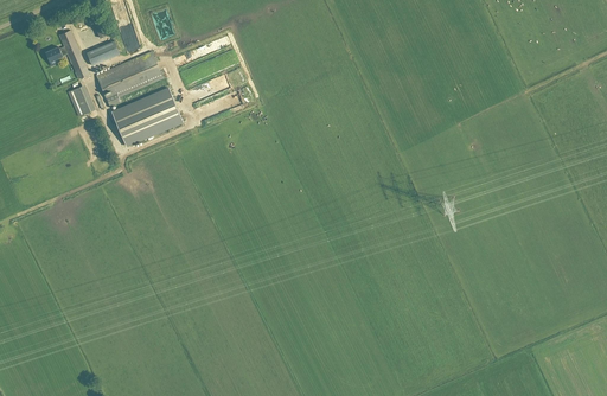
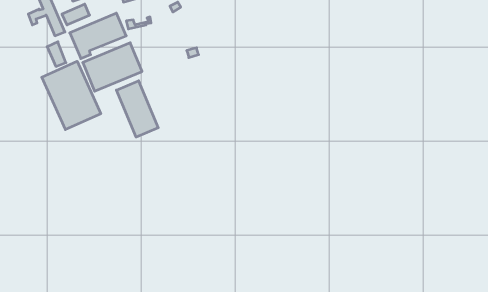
building: none -> [42,61,101,130]
building: none -> [116,81,158,137]

